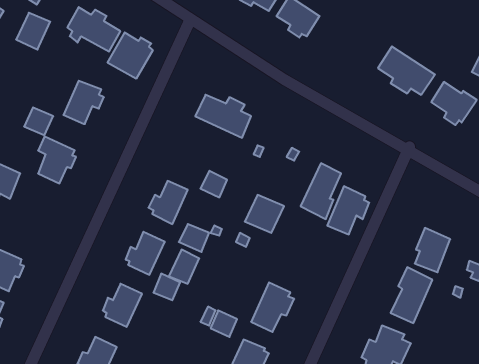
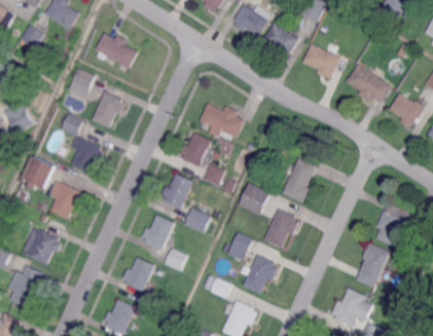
building: [16,13,50,50] -> [66,68,94,98]
building: none -> [301,43,339,78]
building: [108,32,153,79] -> none
building: none -> [179,132,211,166]
building: [327,186,369,234] -> [264,208,298,247]
building: none -> [48,180,81,220]
building: [169,250,199,284] -> [228,233,253,261]

